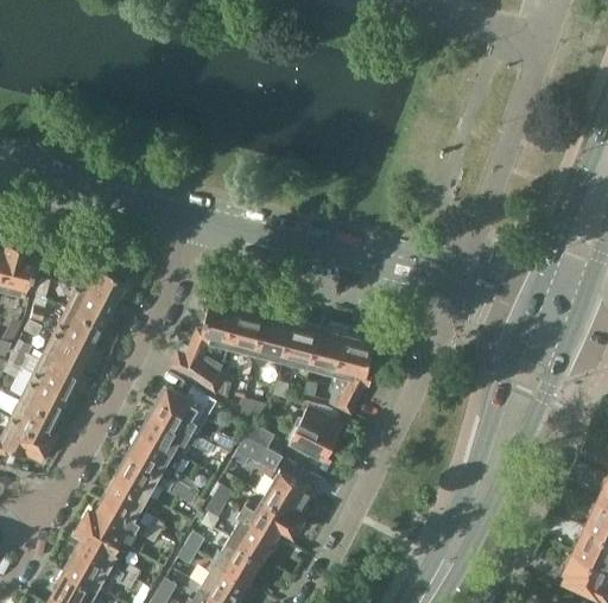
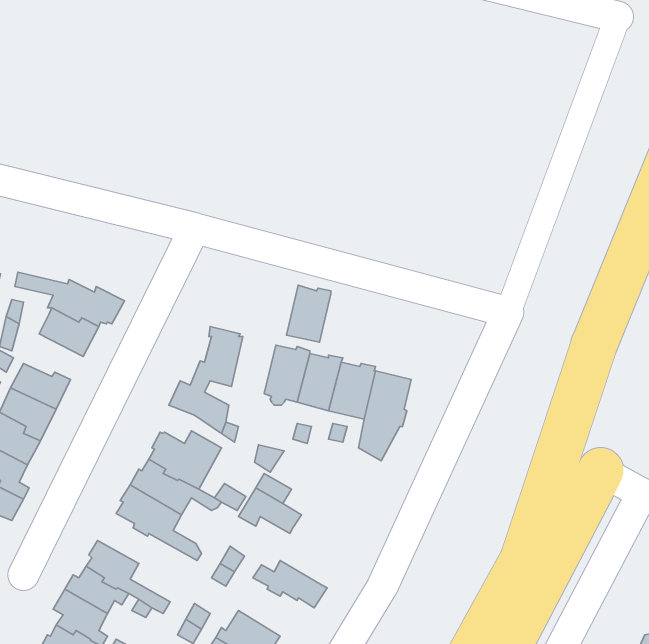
building: [51,307,101,345] -> none
building: [224,310,261,357] -> [287,285,331,342]
building: [289,410,342,464] -> none
building: [113,457,196,504] -> none
building: [265,471,312,516] -> none
building: [230,510,279,559] -> none

